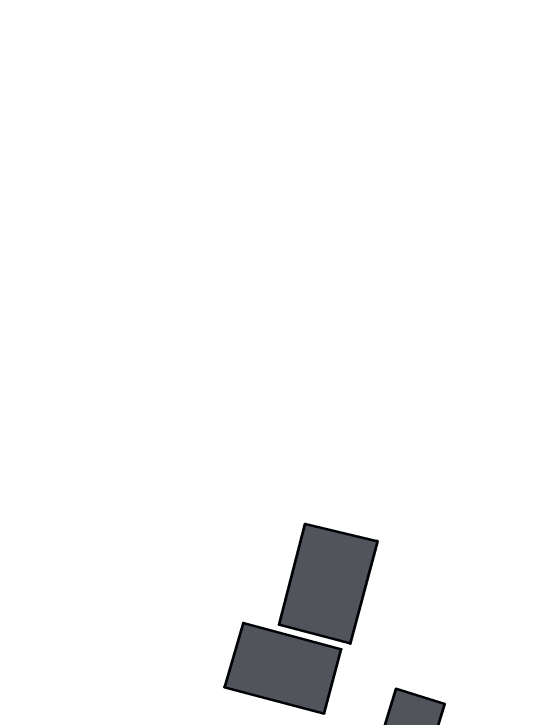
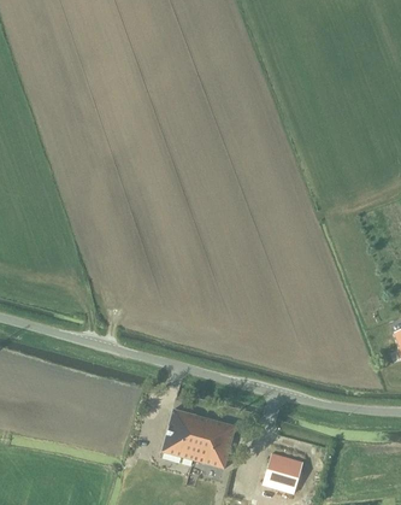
building: [279,524,377,644] -> none

